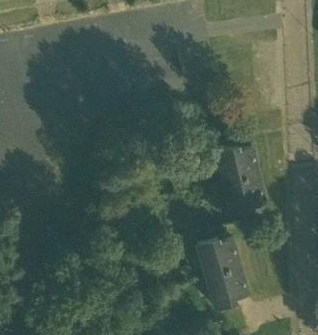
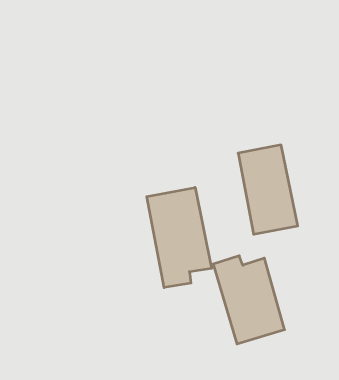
building: none -> [147,187,212,288]

